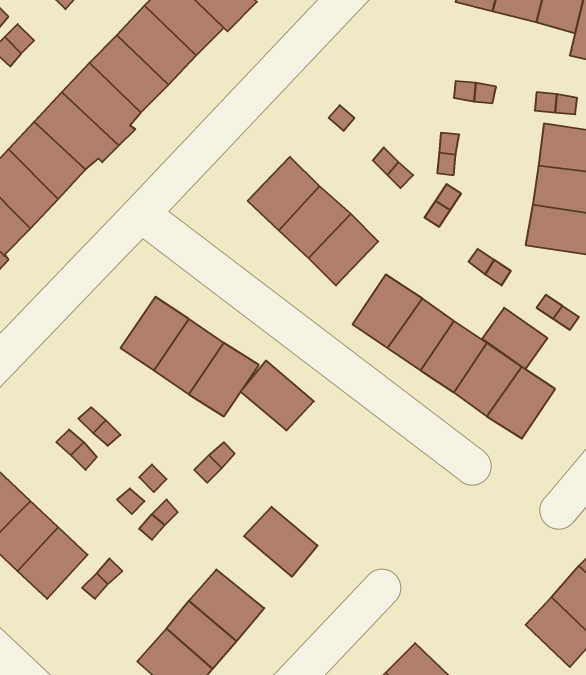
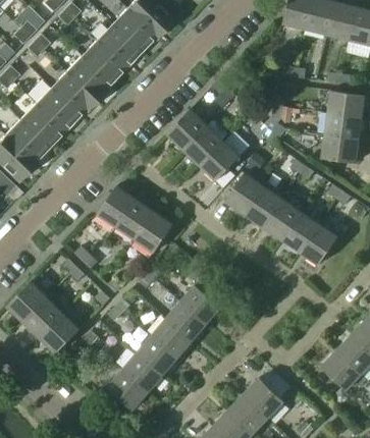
building: [482,308,547,369] -> none
building: [240,361,314,431] -> [181,284,222,323]
building: none -> [151,318,193,358]

